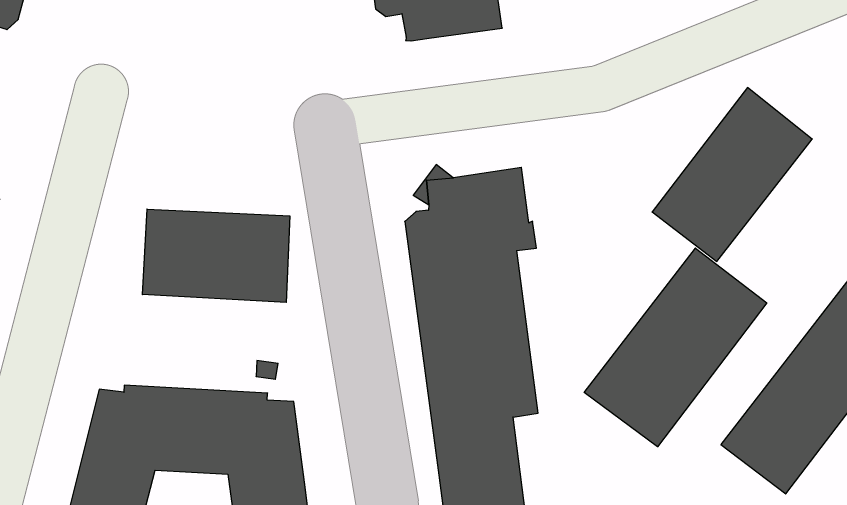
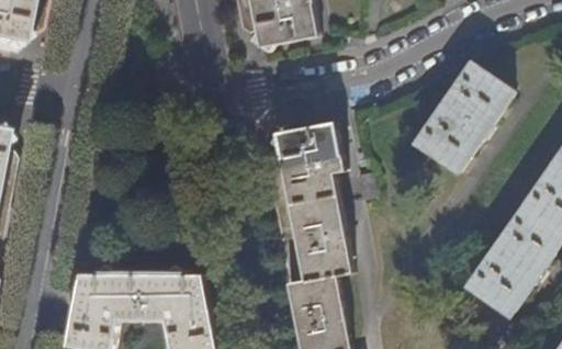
building: [142,209,290,302] -> none
building: [584,248,767,447] -> none

